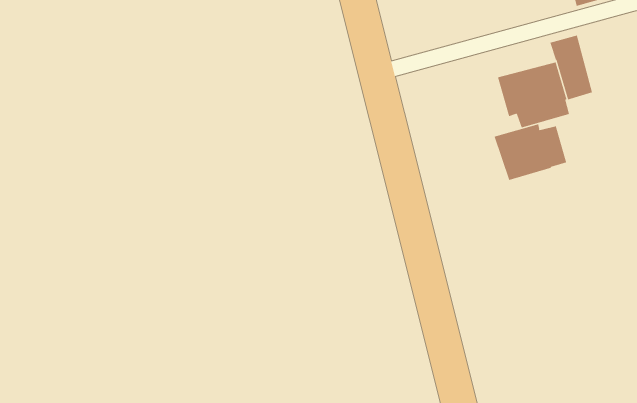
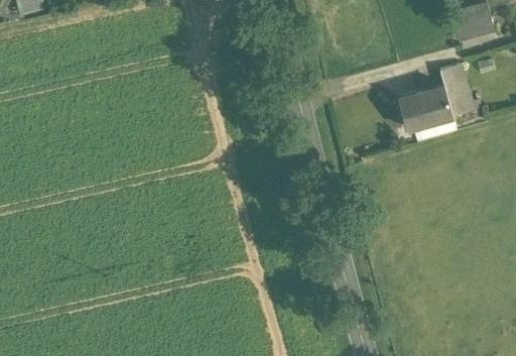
building: [494,123,567,181] -> none

